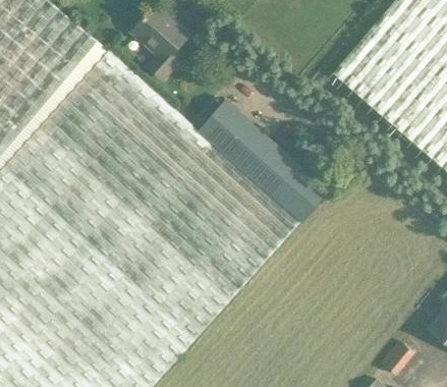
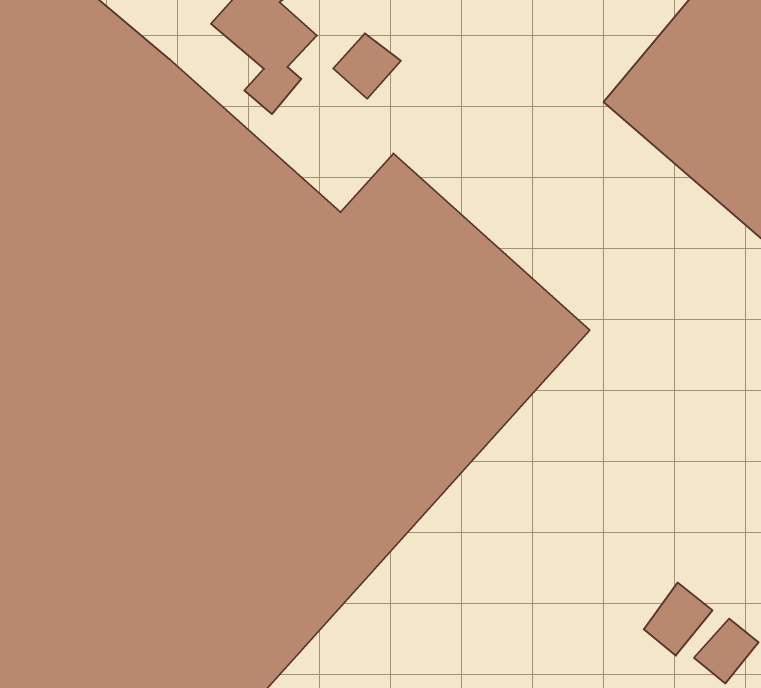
building: none -> [333,33,401,99]
building: none -> [644,583,712,656]

